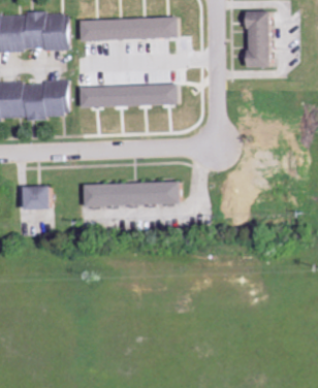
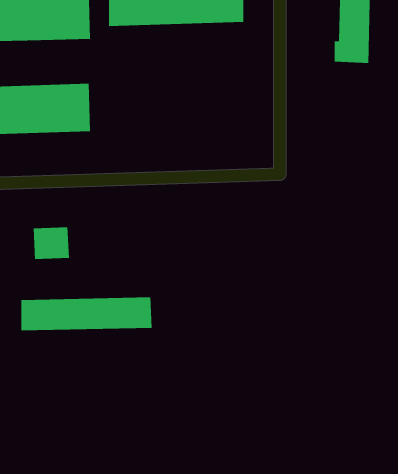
building: [81,85,179,106] -> none
building: [84,182,180,206] -> [20,297,153,331]

